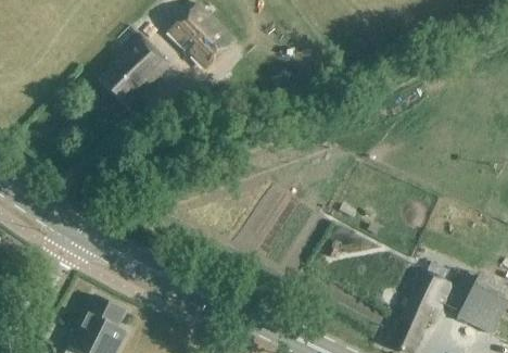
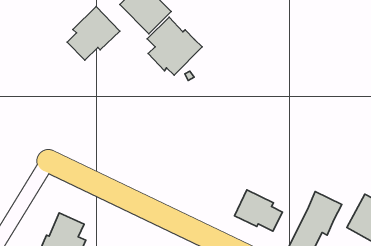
building: none -> [147,17,202,75]
building: none -> [234,190,282,231]

